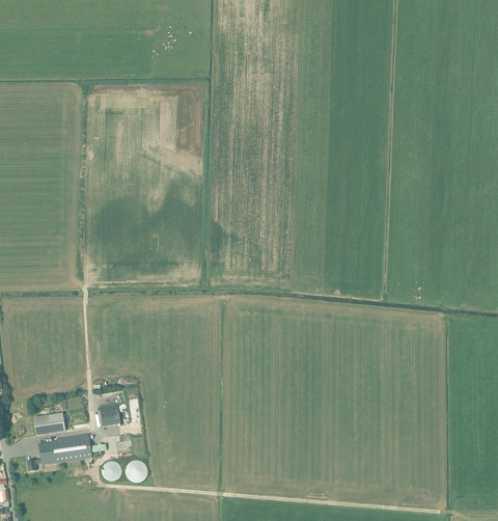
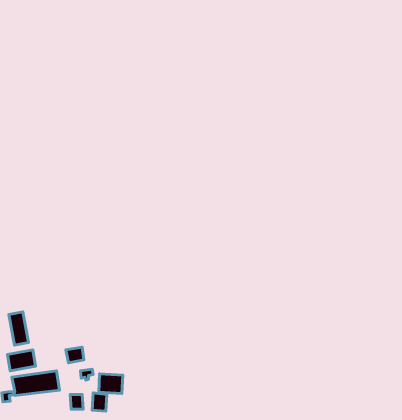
building: none -> [9,312,28,345]
building: none -> [99,374,123,393]

